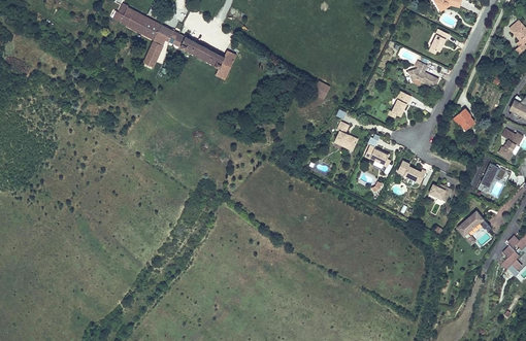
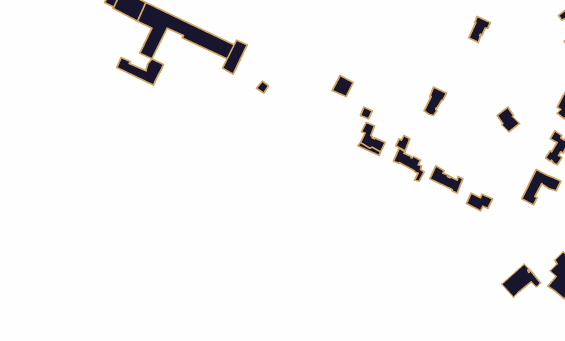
building: [408,61,437,88] -> none
building: none -> [117,57,164,85]
building: [456,211,490,240] -> [502,264,541,297]

